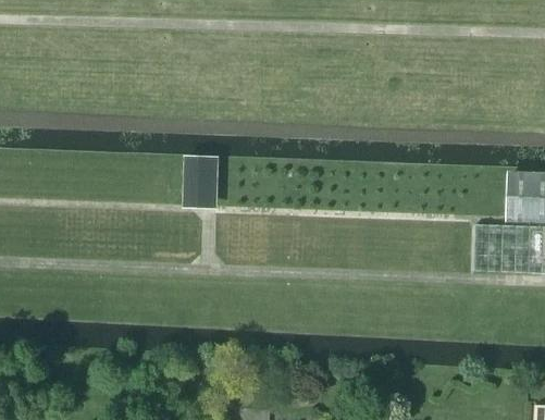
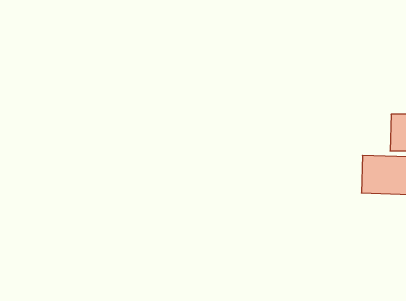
building: [189,158,215,205] -> none

